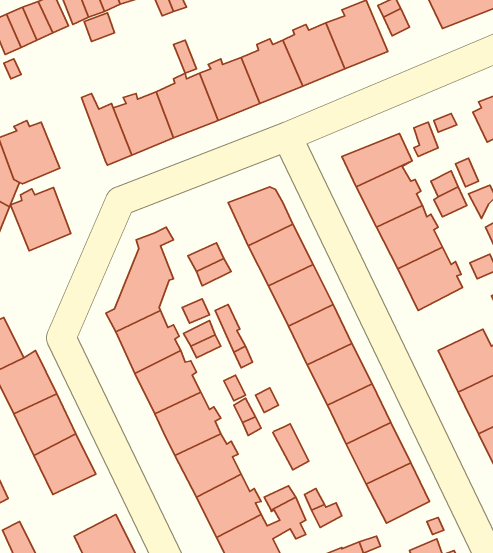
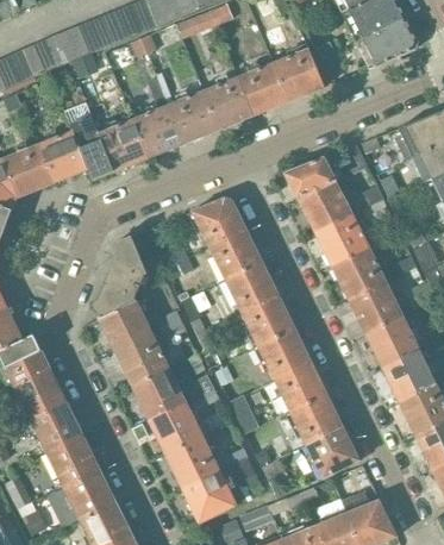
building: [10,188,71,251] -> [37,131,87,183]
building: none -> [349,282,402,334]
building: none -> [46,437,99,488]

